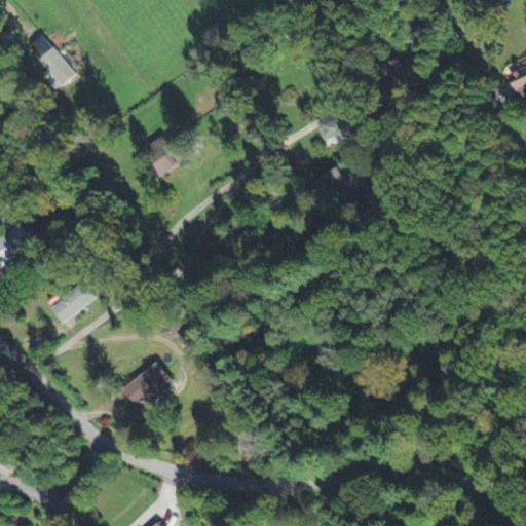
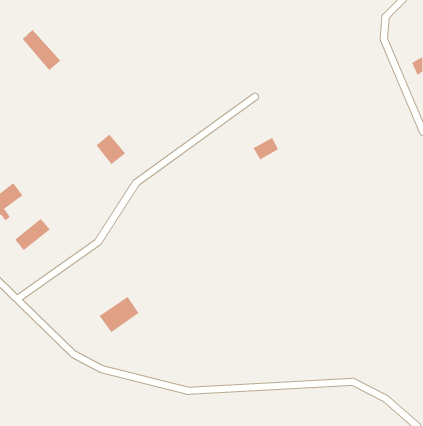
building: [323,119,347,139] -> none
building: [145,135,183,174] -> [95,133,126,165]
building: [48,283,93,324] -> [14,218,51,251]

